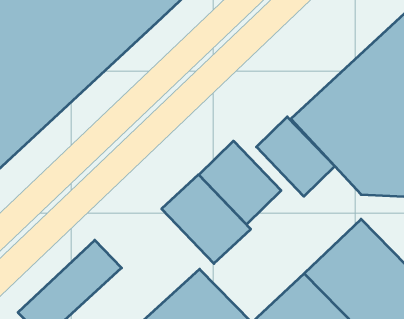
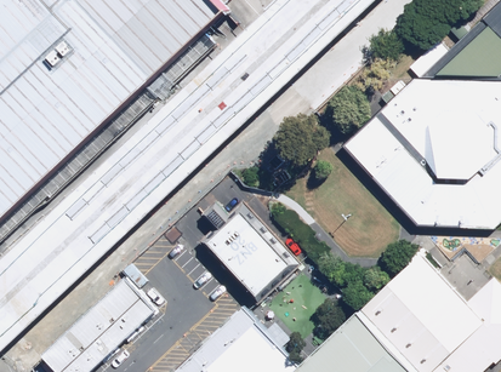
building: [256,117,335,196] -> none
building: [199,141,281,224] -> none

